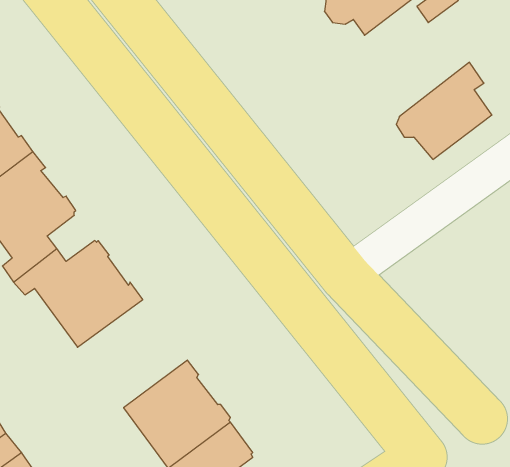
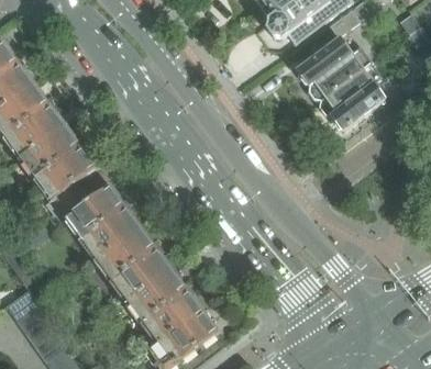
building: none -> [295,37,368,101]
building: none -> [96,226,172,301]

